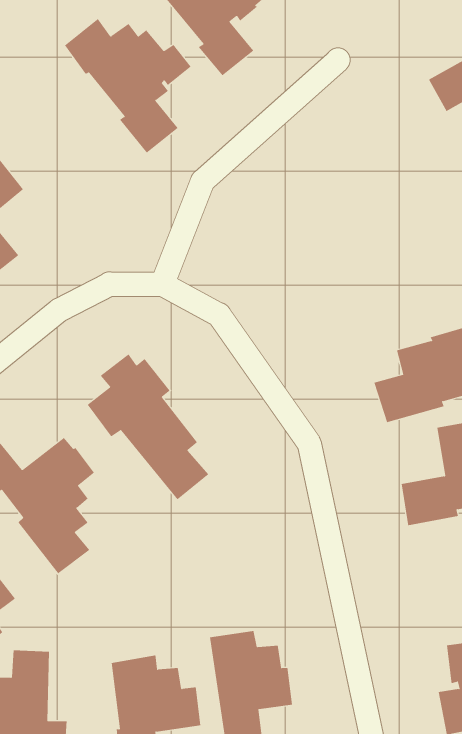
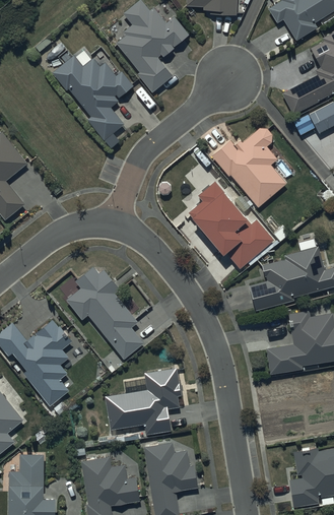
building: none -> [211,128,286,208]
building: none -> [188,182,272,269]
building: none -> [106,368,181,436]

